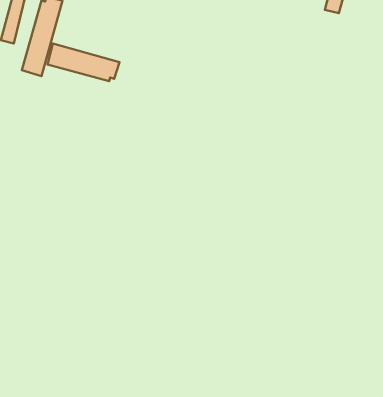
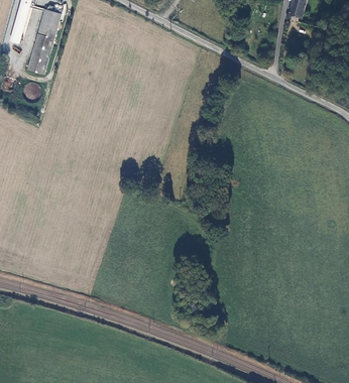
building: [47,44,120,81] -> none

